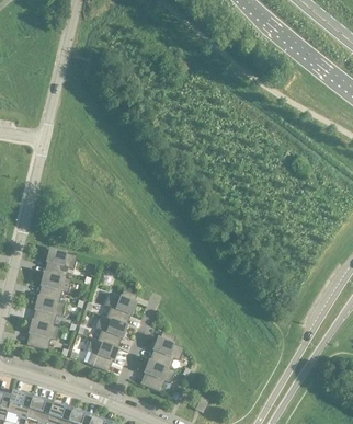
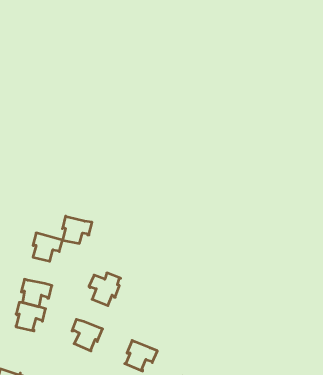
building: [39,272,70,300] -> [62,216,92,243]
building: [94,314,126,346] -> none
building: [150,331,183,367] -> none

